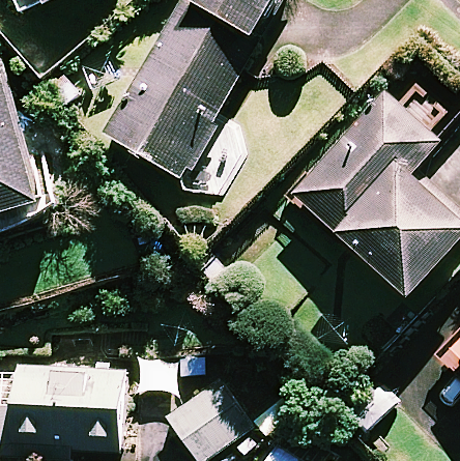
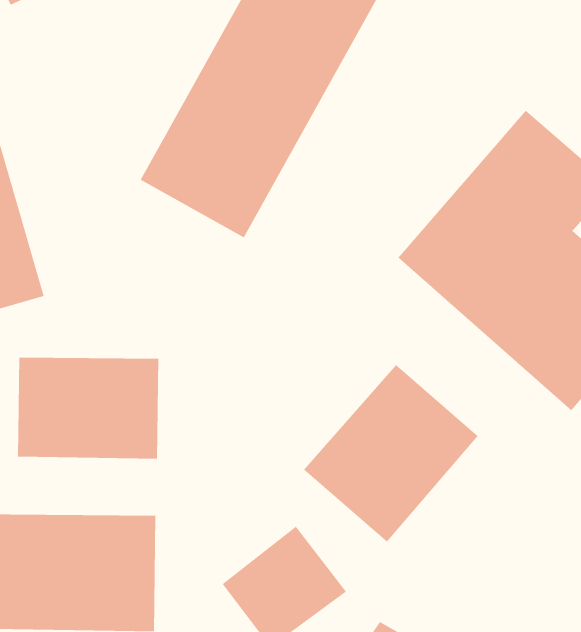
building: none -> [17,357,159,460]
building: none -> [303,364,479,542]

